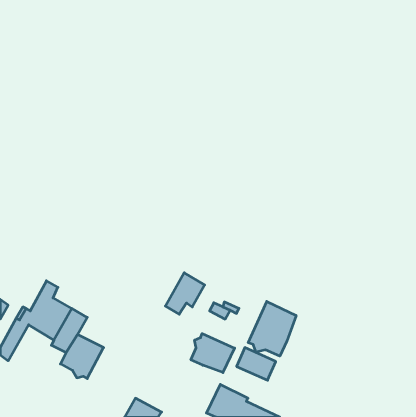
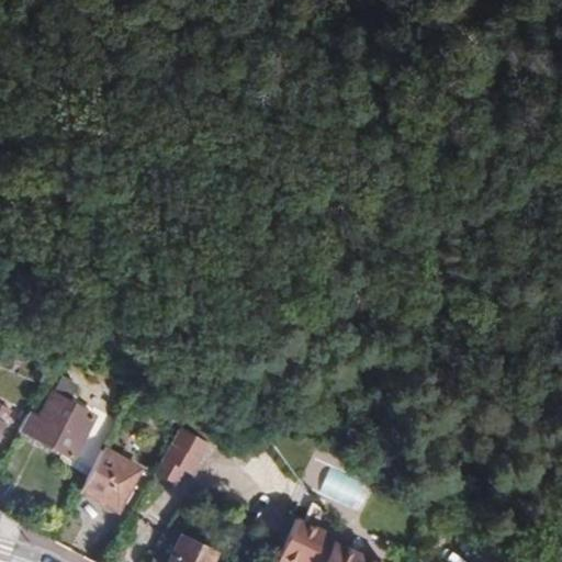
building: [165,273,205,314] -> [156,430,209,486]
building: [248,301,296,356] -> none
building: [191,334,235,373] -> none

